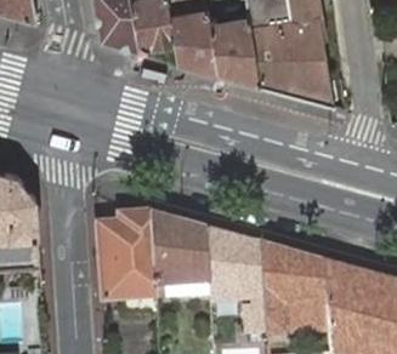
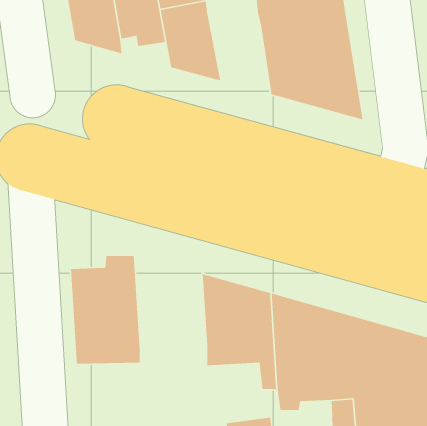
building: [209,16,260,84] -> none
building: [149,213,208,290] -> none

